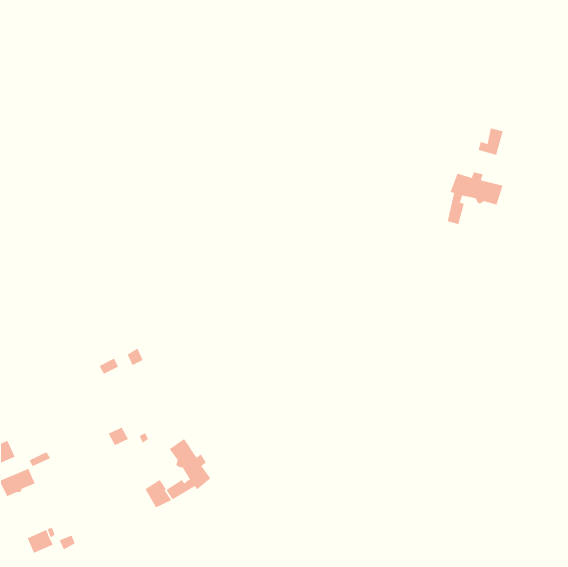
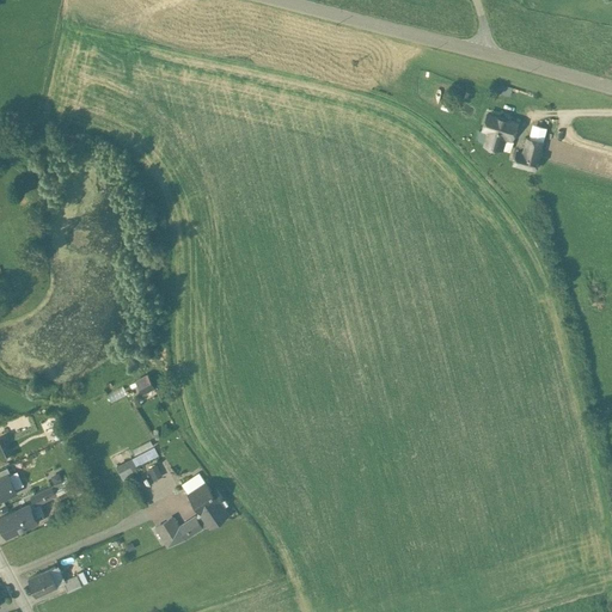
building: none -> [483,115,516,149]
building: [447,171,503,225] -> none

